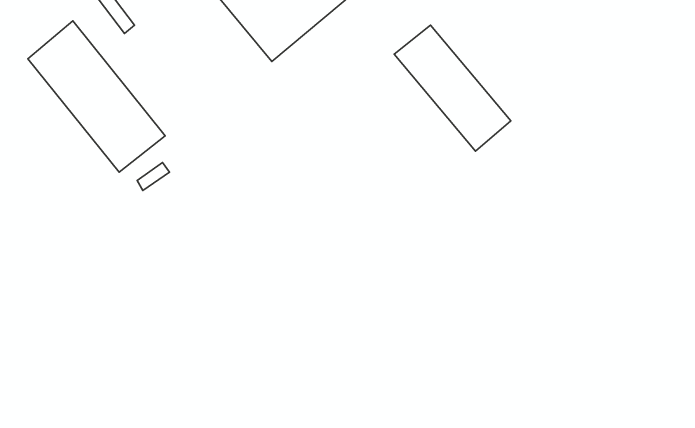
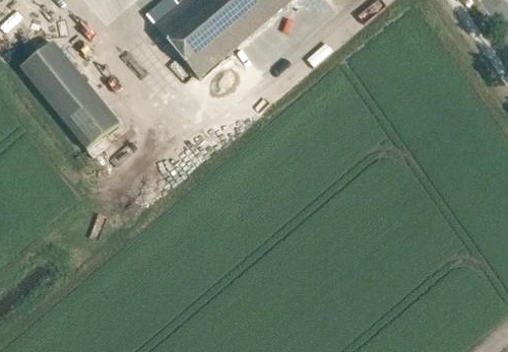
building: [394,25,511,151] -> none

